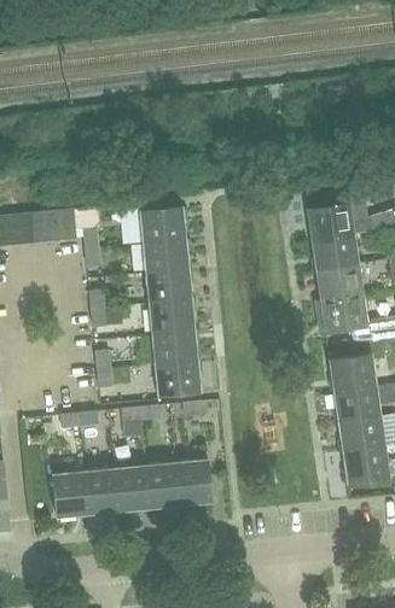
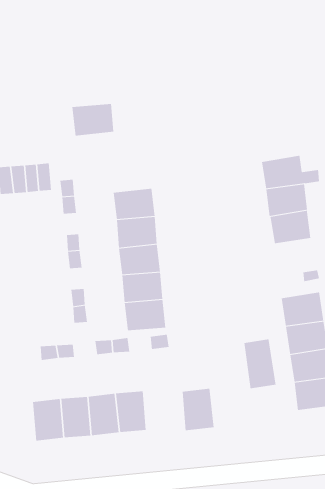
building: [138,206,185,242] -> [72,103,114,136]
building: [320,293,366,332] -> none
building: none -> [244,338,276,389]
building: [175,458,211,505] -> [182,388,214,431]

